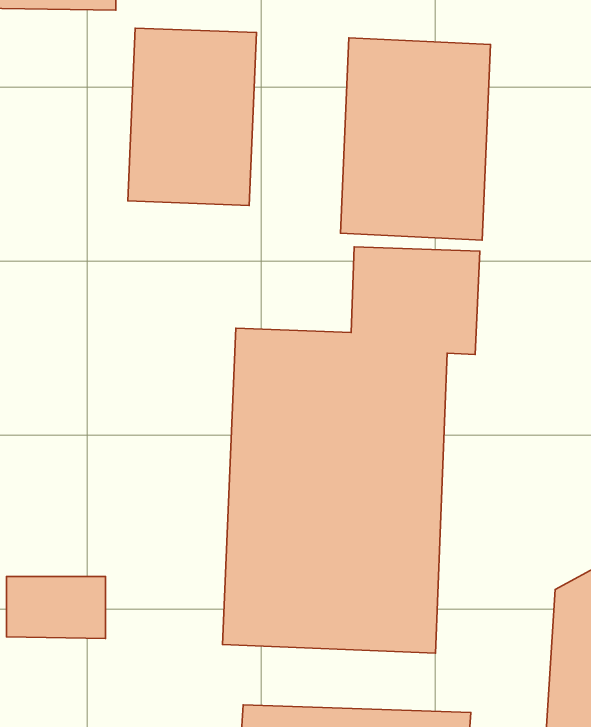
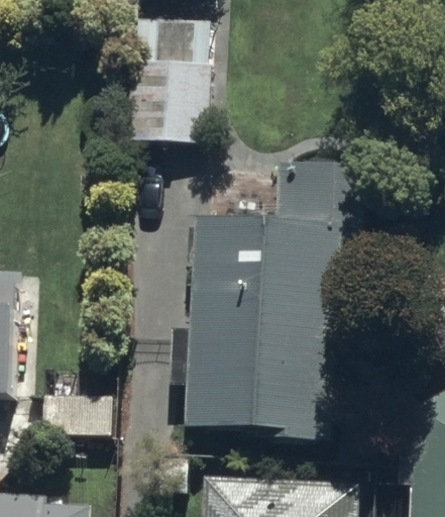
building: [340,38,490,240] -> none

